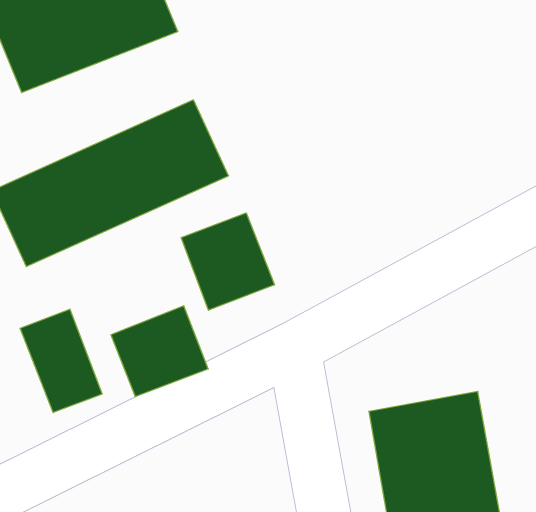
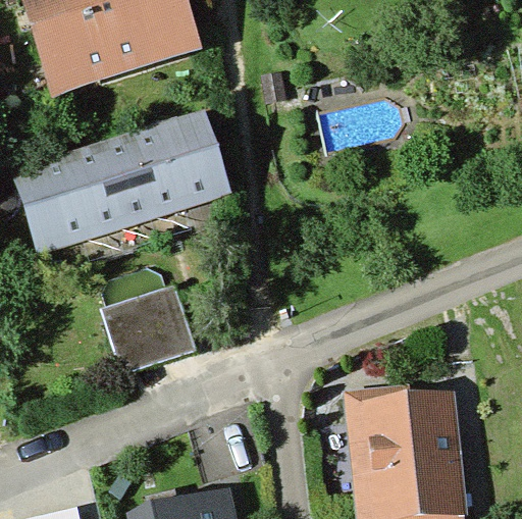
building: [181,213,274,310] -> none
building: [20,309,102,413] -> none

